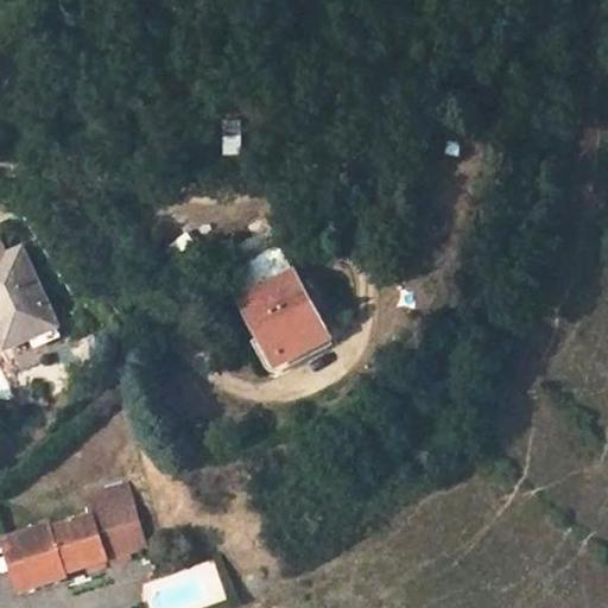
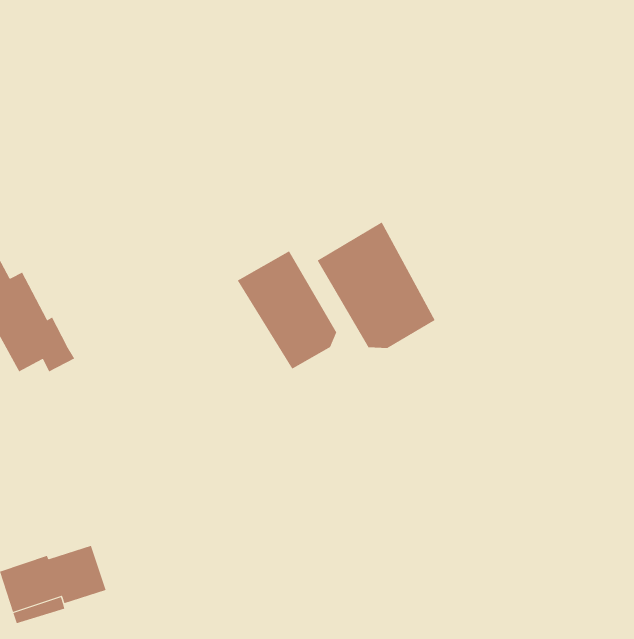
building: none -> [317,222,436,349]
building: [81,483,141,560] -> none

